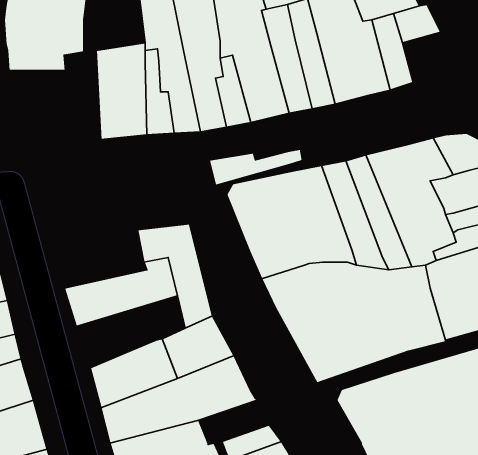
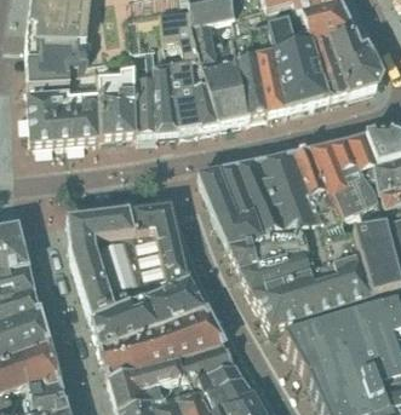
building: none -> [339,50,382,91]
building: none -> [28,65,101,140]
building: [209,149,303,186] -> none
building: none -> [68,207,137,253]
building: none -> [81,259,167,316]
building: none -> [178,341,234,376]

